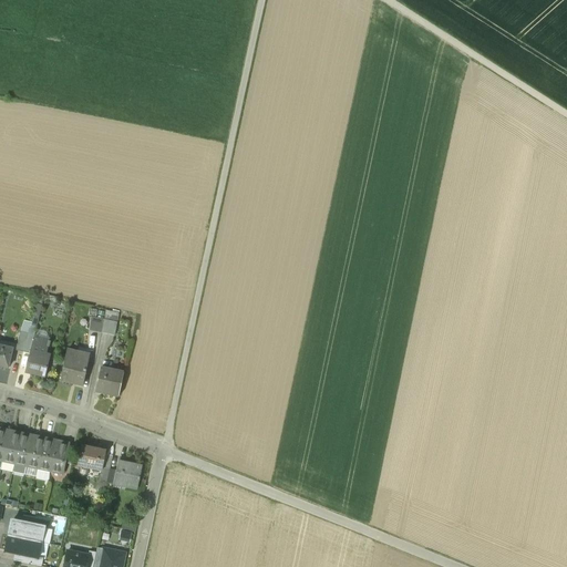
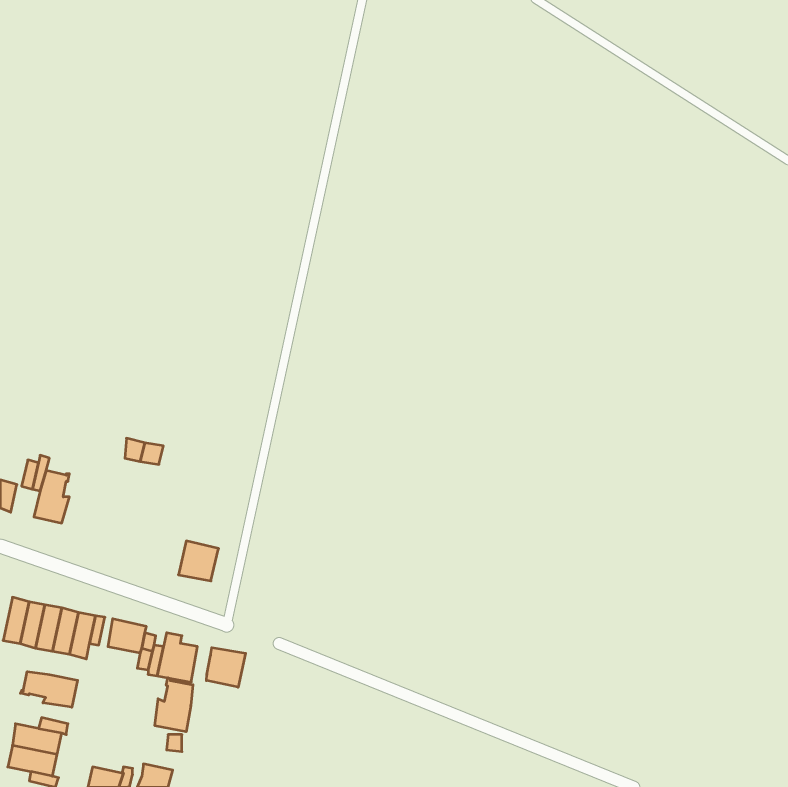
building: [61,349,89,382] -> none
building: [95,367,124,395] -> [178,541,219,581]
building: none -> [206,648,246,687]
building: none -> [20,672,78,707]
building: none -> [155,678,193,732]

